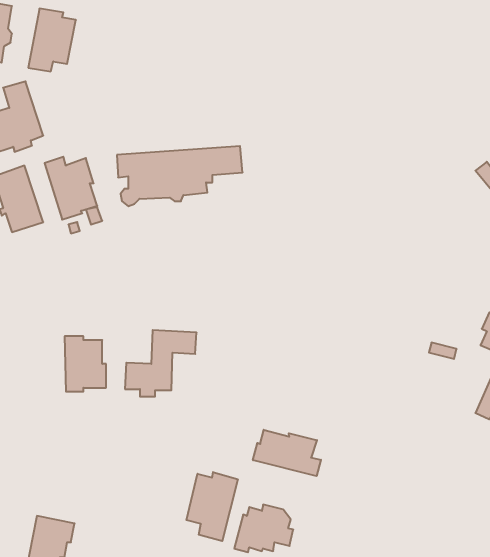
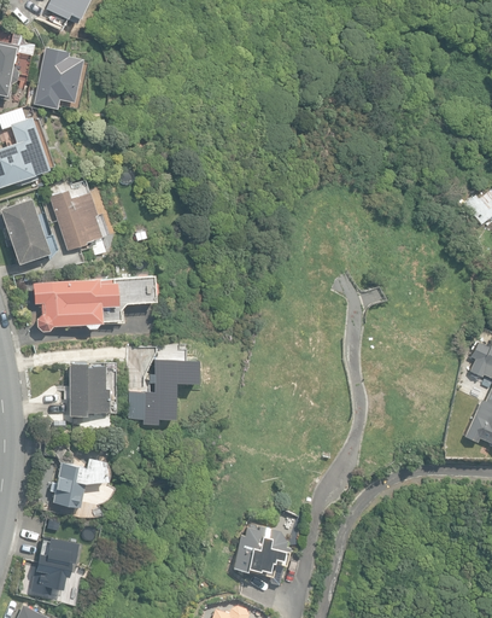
building: [117,146,243,206] -> [34,274,154,332]
building: [253,430,321,476] -> none
building: none -> [51,455,109,507]
building: [186,472,238,541] -> none

